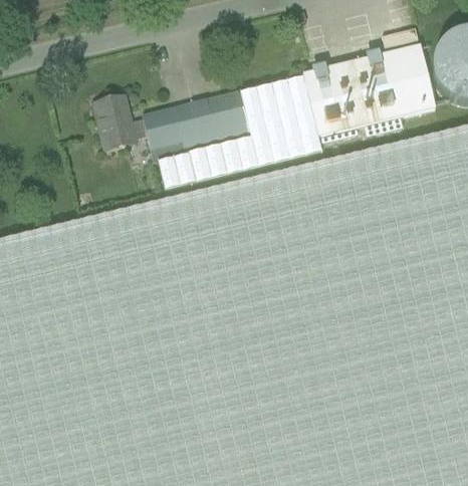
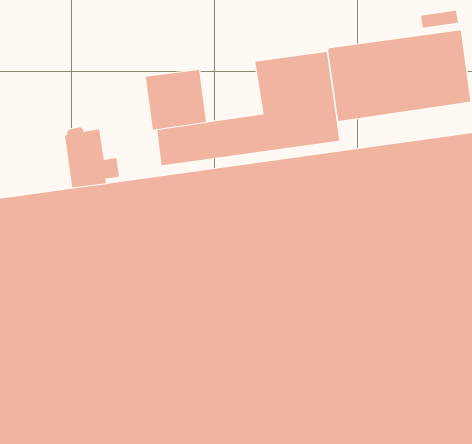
building: [192,89,252,148] -> none
building: [95,92,149,148] -> [64,127,120,188]

